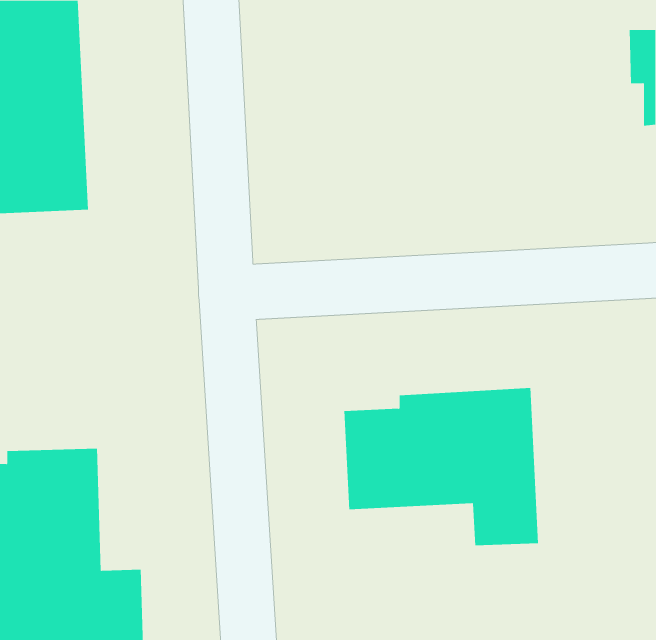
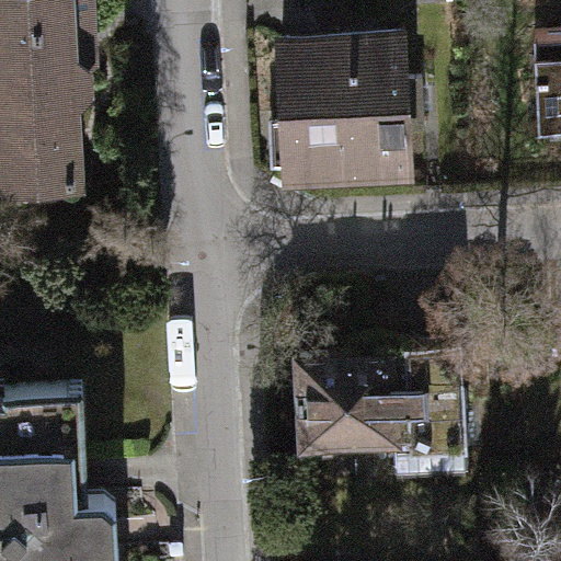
building: none -> [280,46,423,185]

